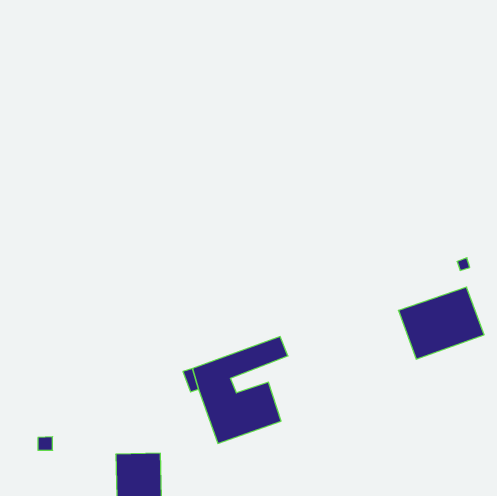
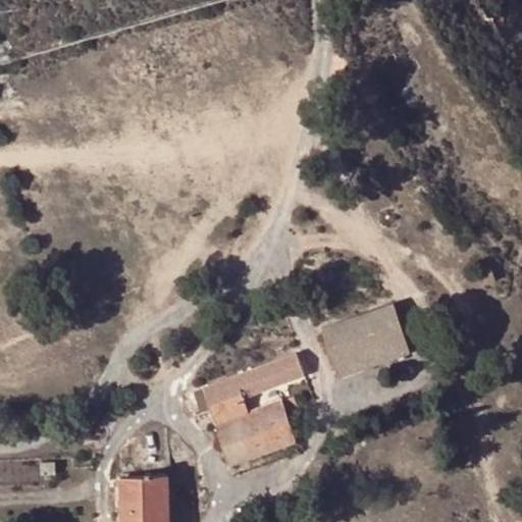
building: [398,287,484,359] -> [321,304,411,379]

